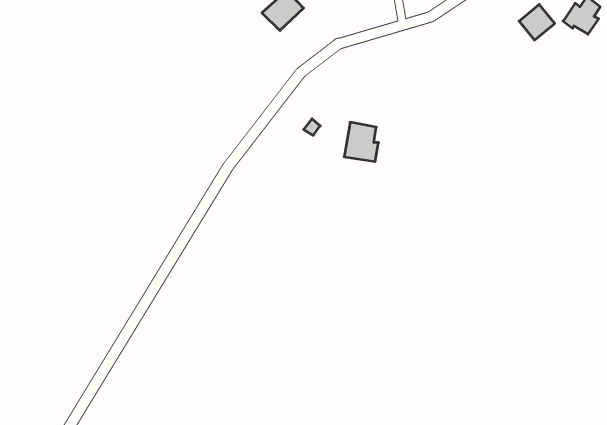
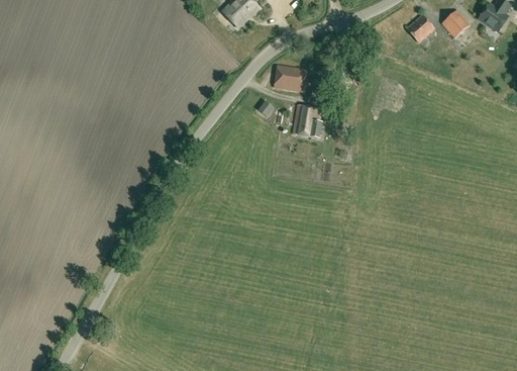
building: none -> [406,14,434,42]
building: none -> [274,65,306,91]

